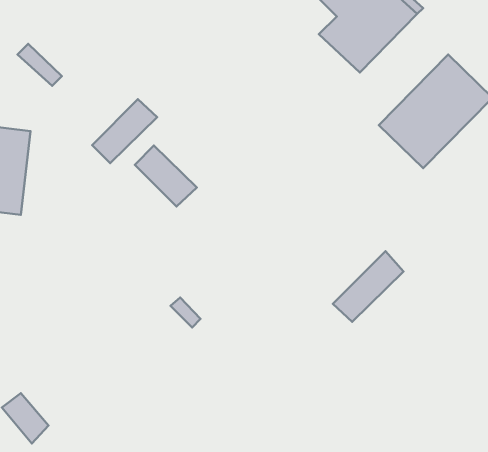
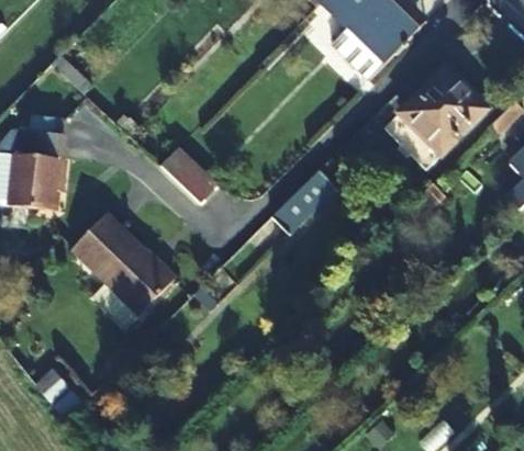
building: [92,99,157,163] -> none
building: none -> [71,215,174,316]
building: [333,251,404,322] -> [271,170,336,235]

